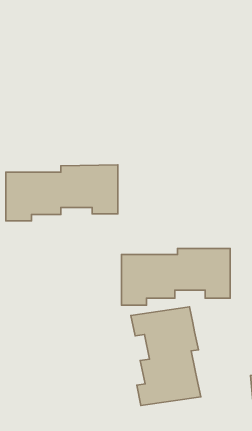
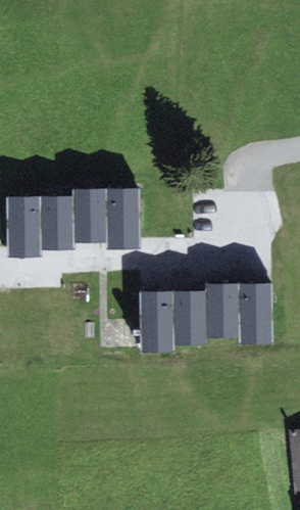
building: [131,307,201,406] -> none

